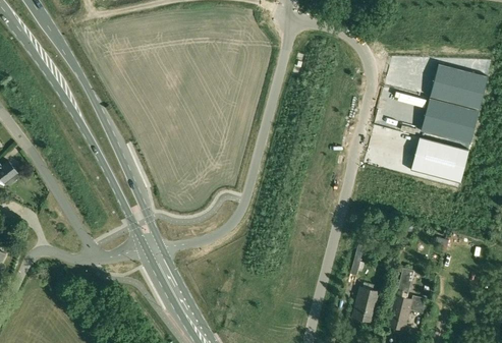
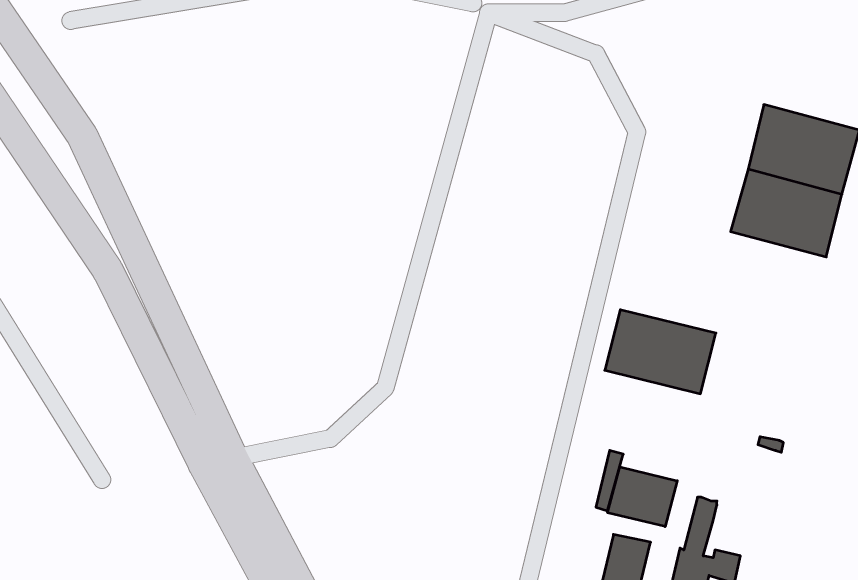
building: [410,139,468,183] -> [605,310,716,394]
building: none -> [608,467,677,527]

